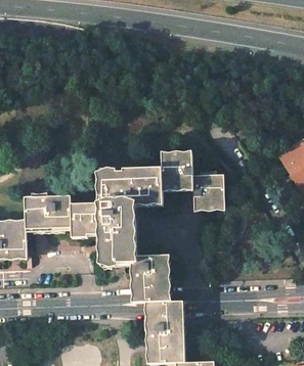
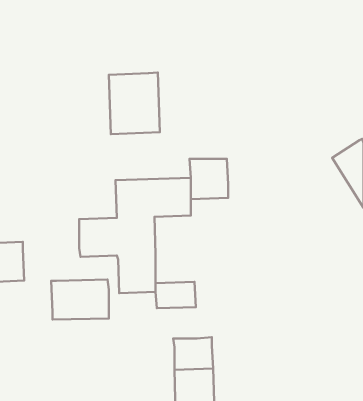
building: none -> [109,73,160,134]
building: [192,174,224,207] -> none
building: [24,196,71,229] -> [51,279,109,320]
building: [134,276,167,303] -> none

